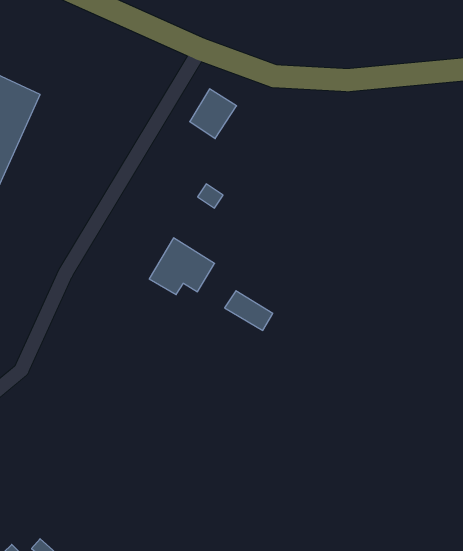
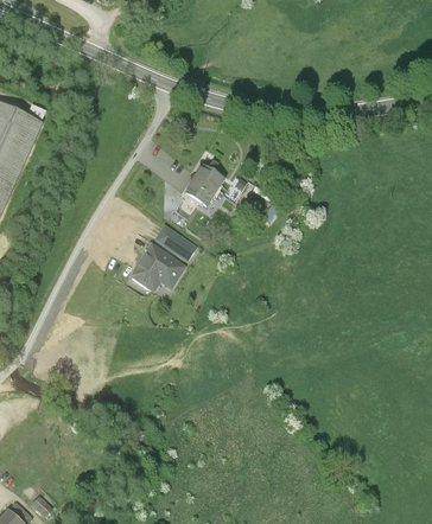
building: [190,89,237,139] -> [185,165,224,206]
building: [225,291,273,330] -> [155,226,196,260]

